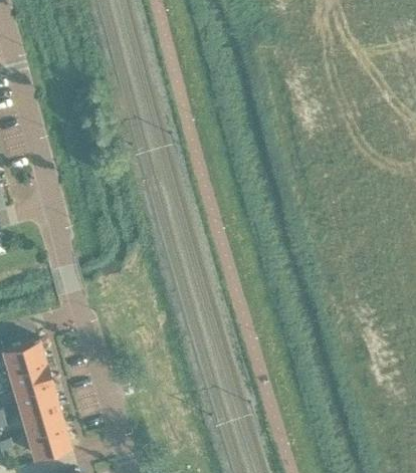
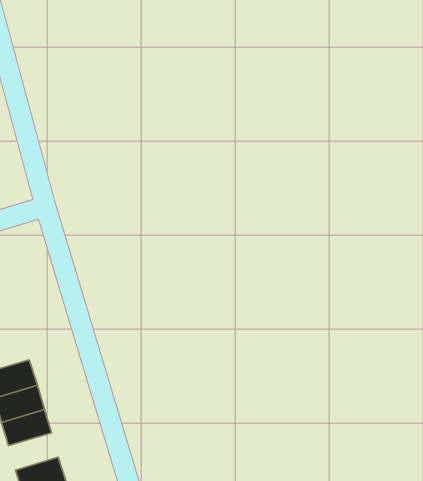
building: [21,405,64,437] -> none

